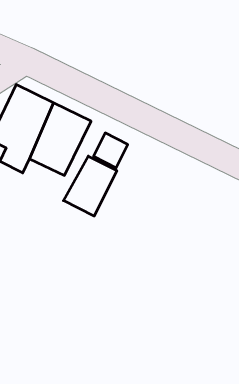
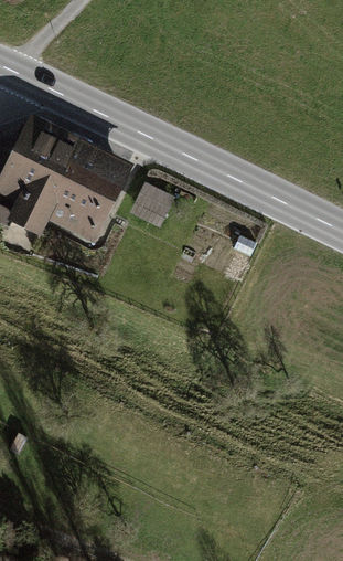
building: [63,156,117,216] -> none

